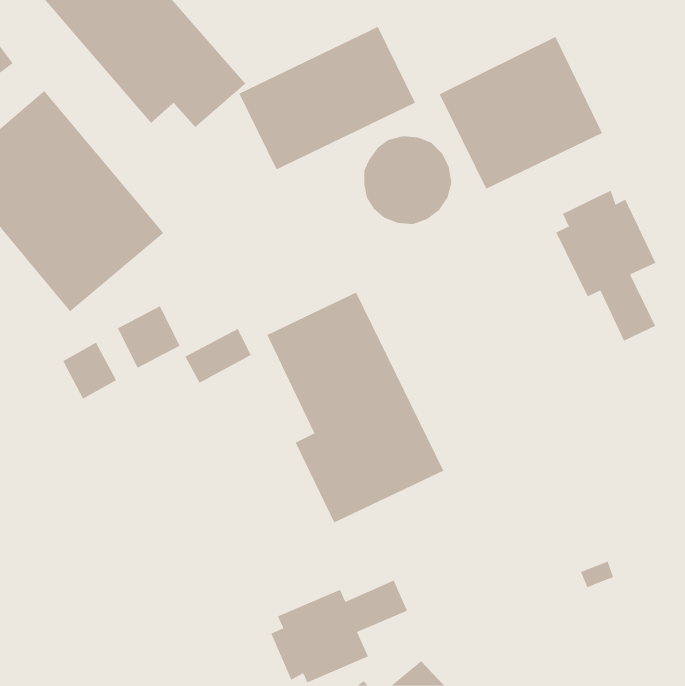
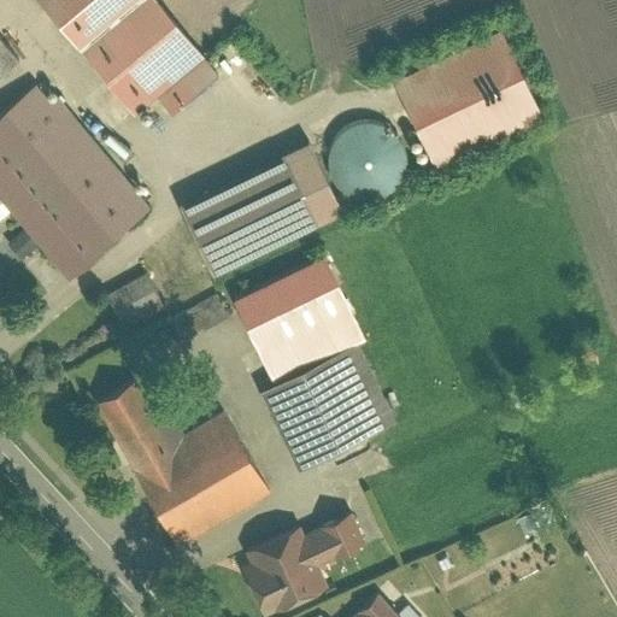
building: [238,26,416,170] -> [182,146,341,275]
building: [556,190,656,342] -> none
building: [62,342,117,399] -> none
building: none -> [94,377,269,551]

